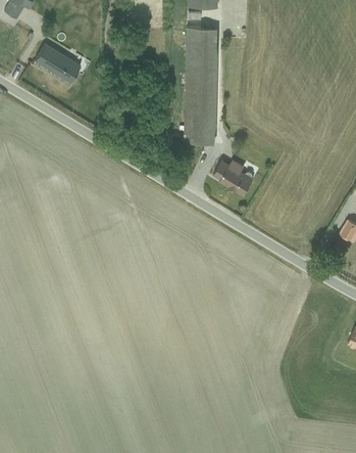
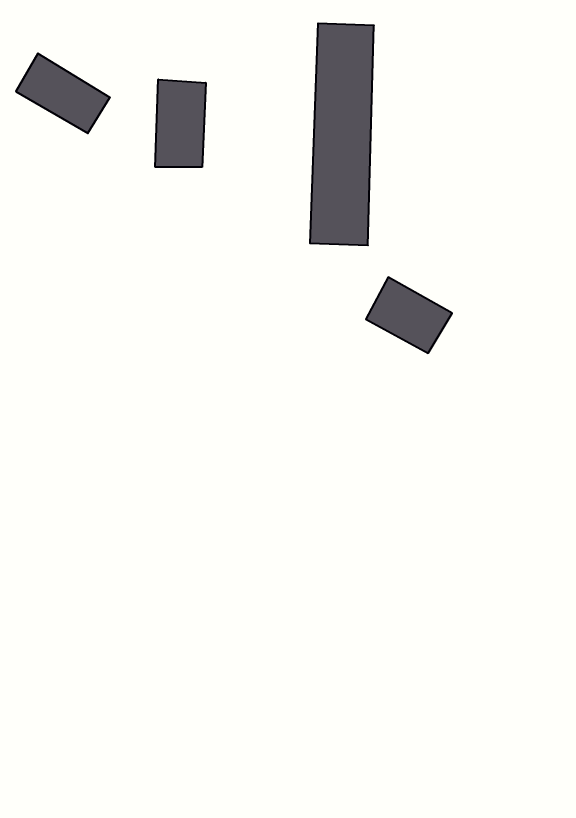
building: none -> [155,79,206,167]

